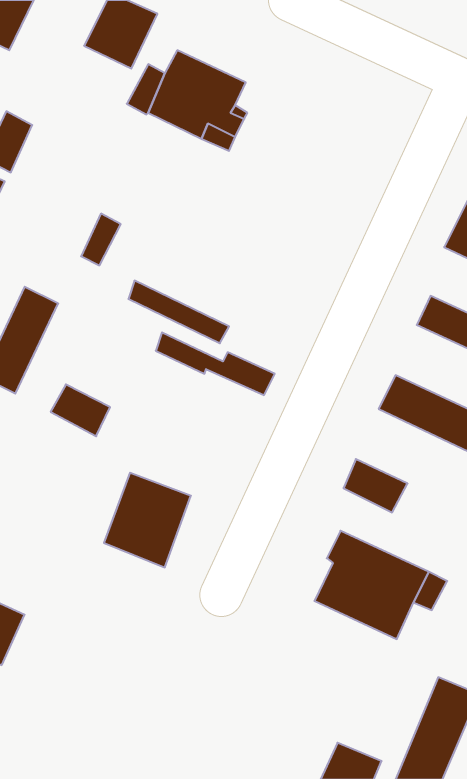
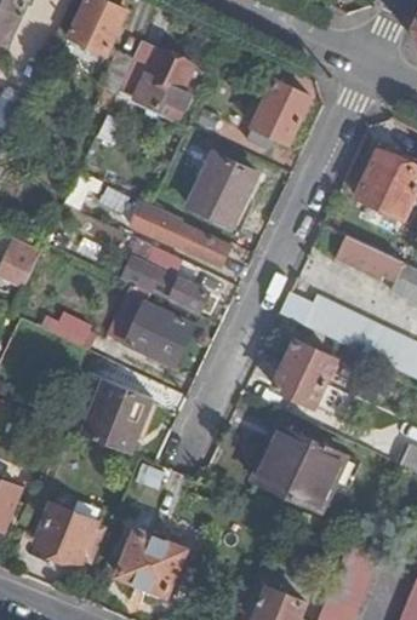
building: none -> [249,81,312,149]
building: none -> [192,153,259,225]
building: none -> [131,200,230,265]
building: none -> [130,304,194,364]
building: none -> [284,341,335,384]
building: none -> [38,506,96,561]
building: none -> [118,528,187,596]

